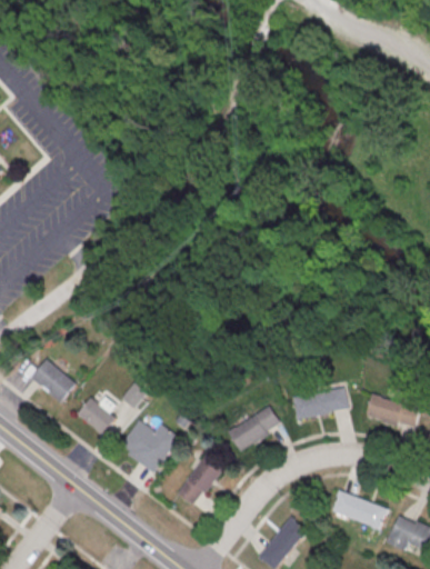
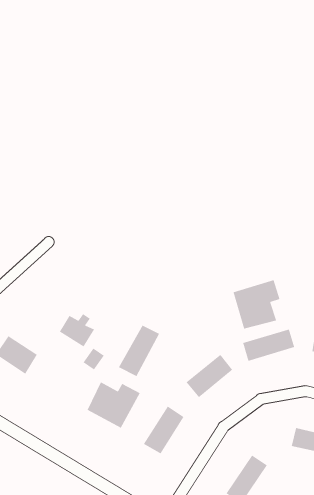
building: none -> [232,279,280,329]
building: none -> [118,325,160,377]
building: [77,396,116,432] -> [59,313,95,347]

